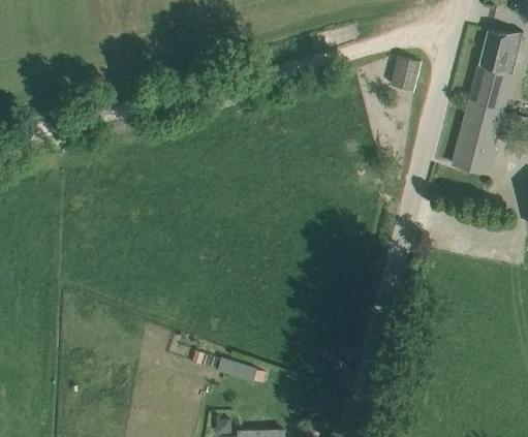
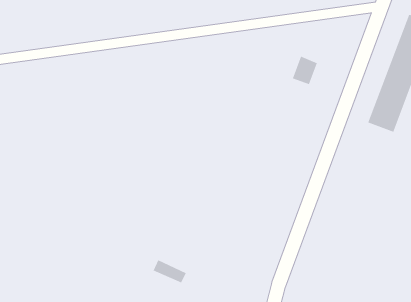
building: [390,57,418,91] -> [292,56,318,85]

